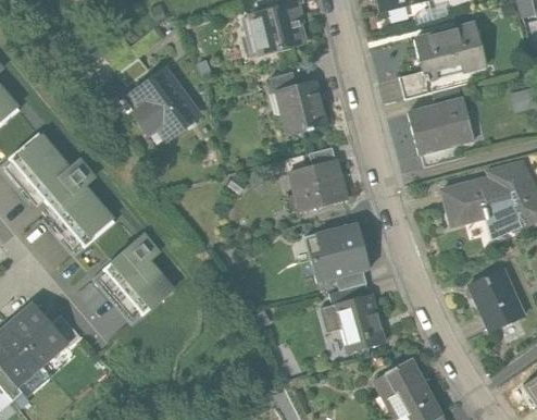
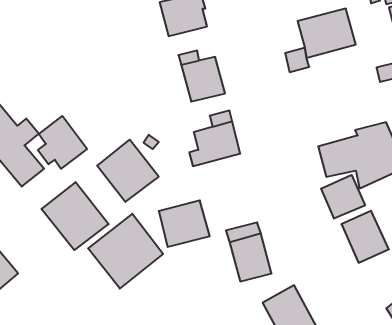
building: [137,73,197,137] -> [38,116,87,169]
building: [408,97,473,155] -> none
building: none -> [97,140,159,202]
building: none -> [321,175,365,219]
building: [305,224,367,281] -> [159,200,210,247]
building: none -> [88,214,163,289]

